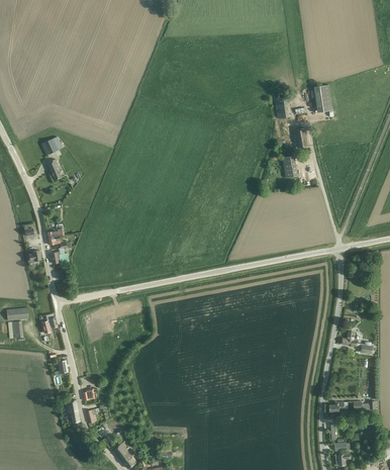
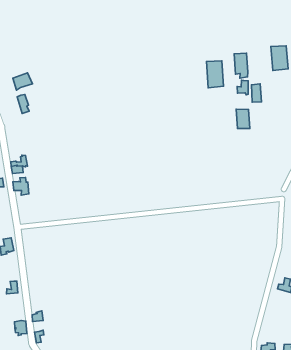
building: none -> [206,61,223,88]

